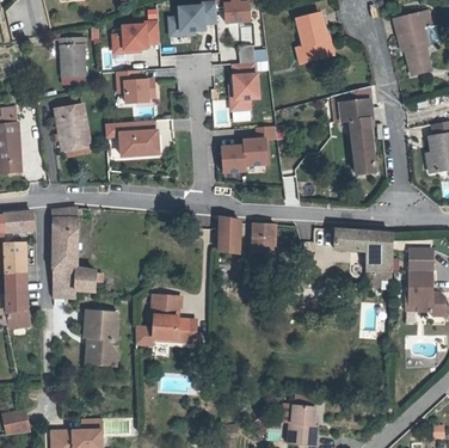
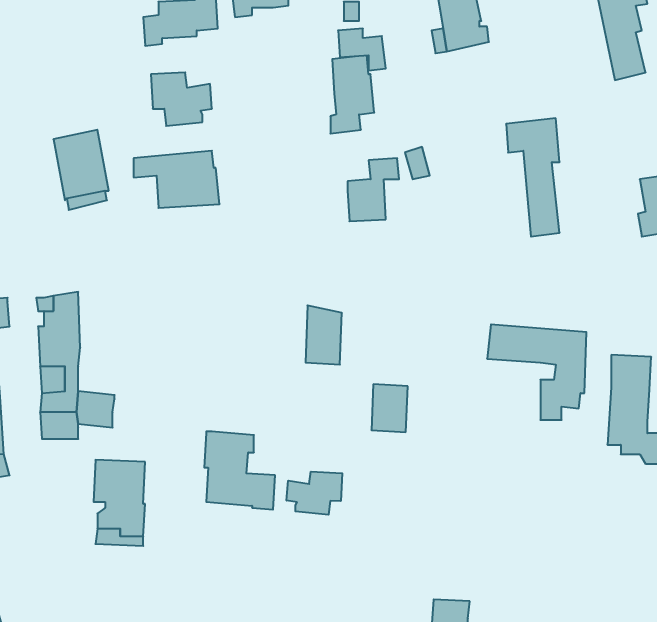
building: [59,36,87,76] -> none
building: [220,145,244,171] -> none
building: [248,223,271,253] -> [371,384,408,432]
building: none -> [287,472,342,515]

